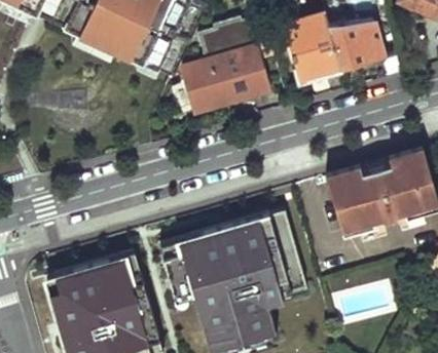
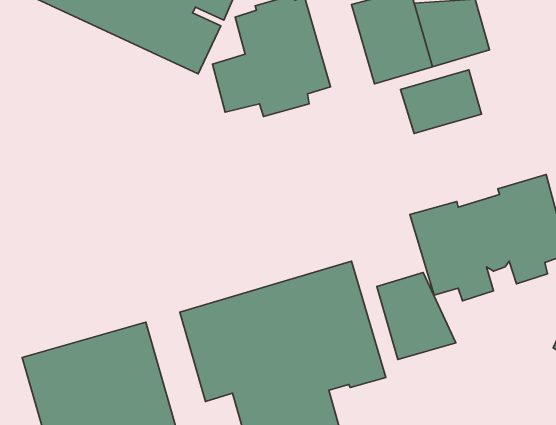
building: none -> [400,70,481,133]
building: none -> [377,272,456,360]

